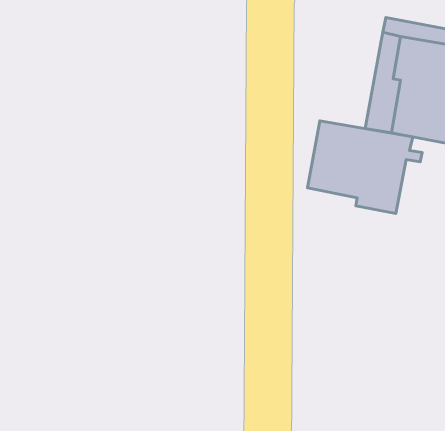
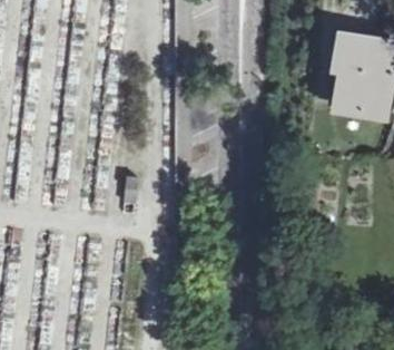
building: [308,121,422,214] -> none

